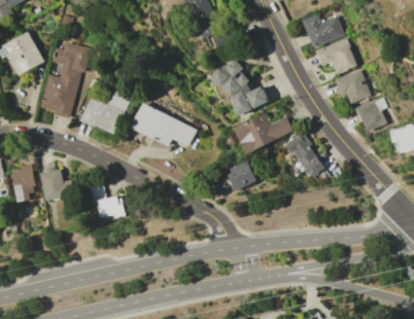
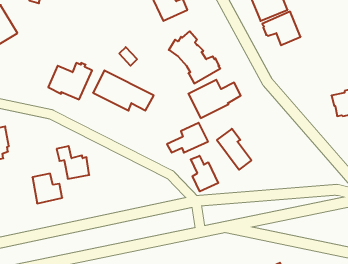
building: [40,42,91,118] -> none
building: [334,68,371,104] -> none
building: [355,97,387,132] -> none
building: [286,132,324,177] -> [217,129,251,170]
building: [41,169,74,202] -> [32,174,62,203]
building: none -> [191,156,218,191]

